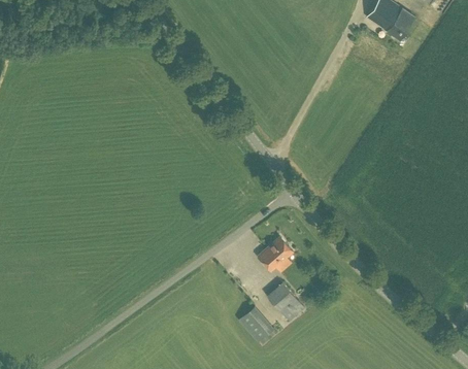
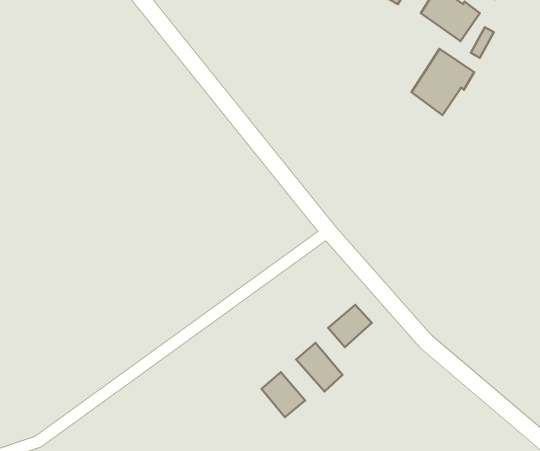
building: none -> [411,49,474,115]
building: [258,236,293,270] -> [328,305,372,347]

